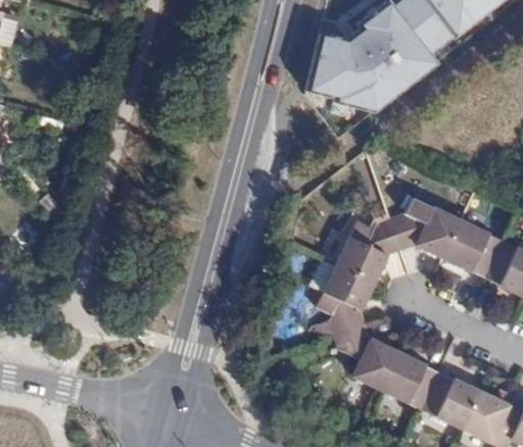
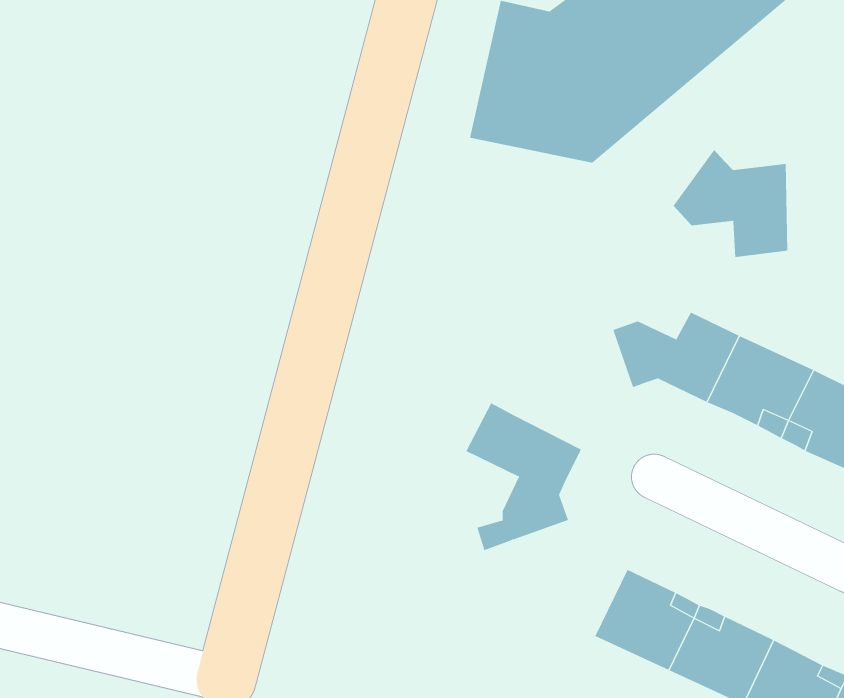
building: none -> [673,149,788,258]
building: [332,214,398,282] -> none
building: [331,321,395,387] -> none

